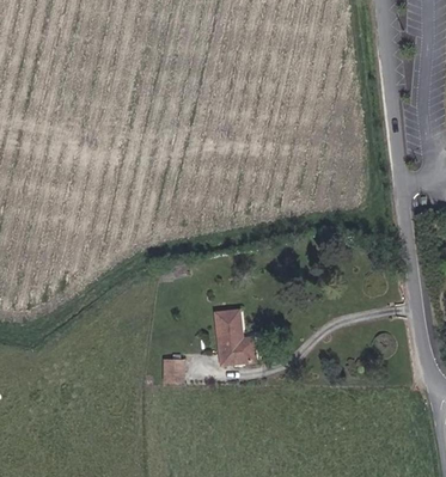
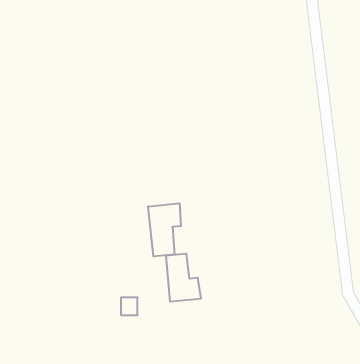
building: none -> [148,203,181,257]

